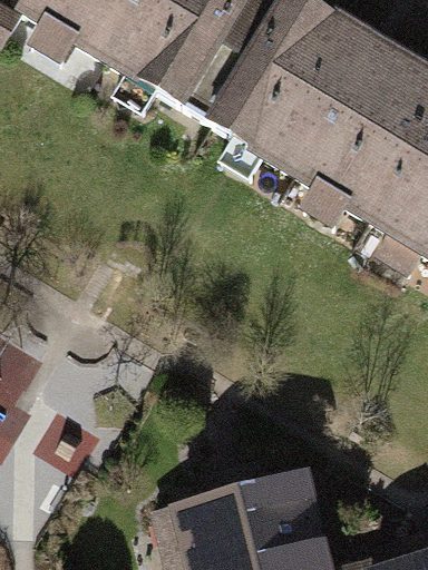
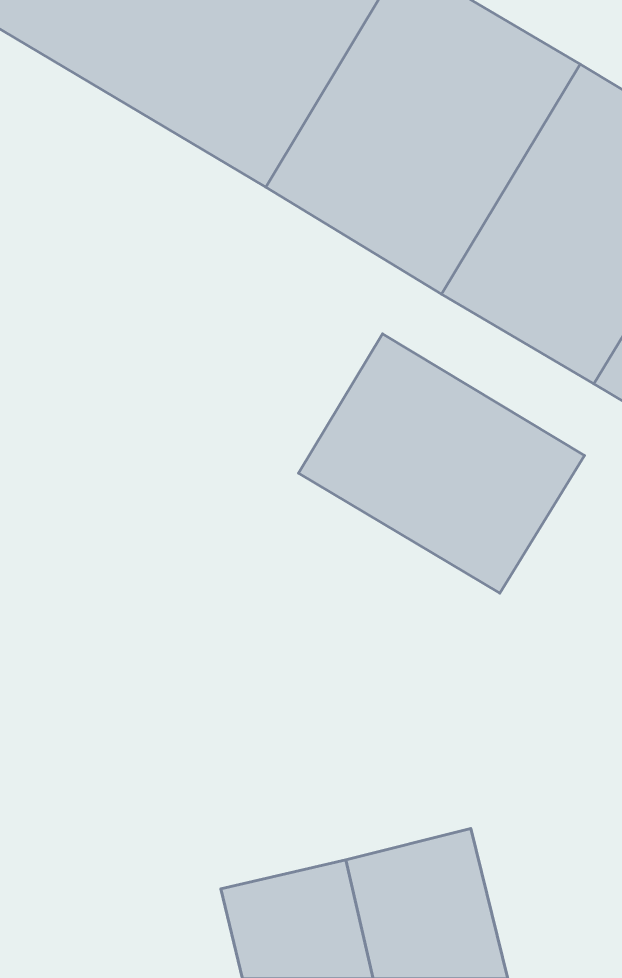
building: none -> [299,334,585,593]

